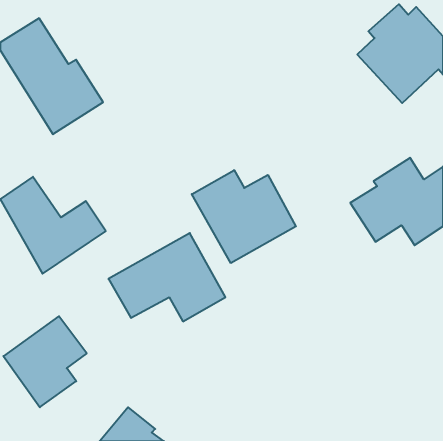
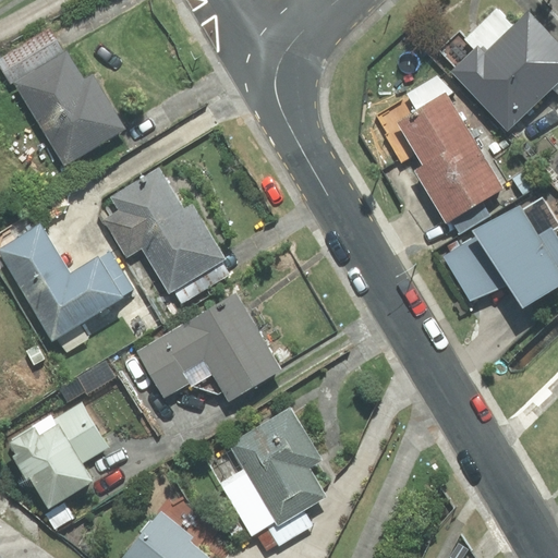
building: none -> [393,72,502,221]
building: none -> [95,169,236,310]
building: [192,170,296,263] -> none
building: none -> [204,408,348,548]

